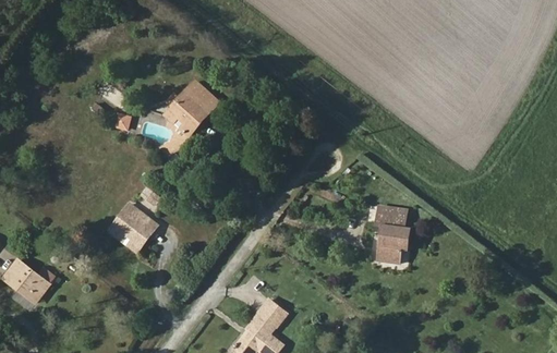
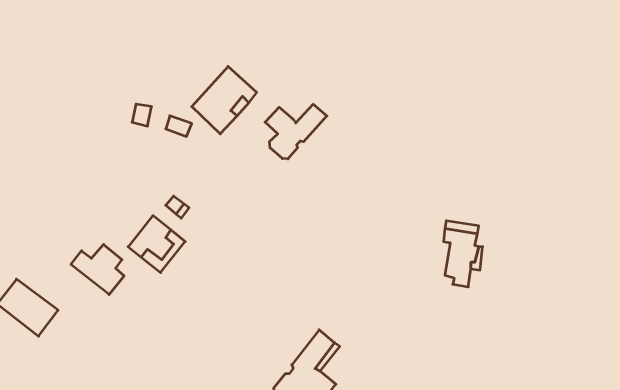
building: none -> [265,104,327,159]
building: none -> [71,244,124,295]

